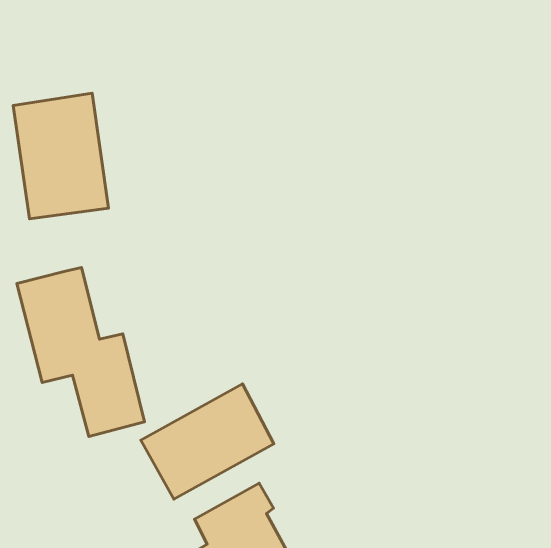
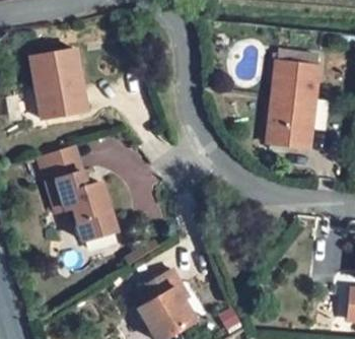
building: none -> [268,59,317,145]
building: [141,384,274,499] -> none

